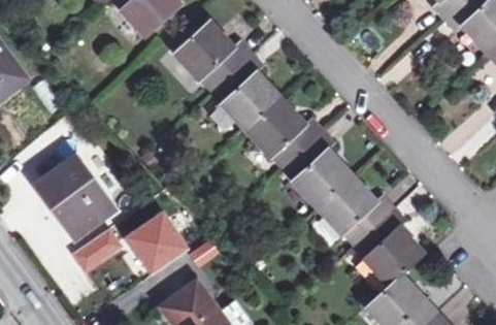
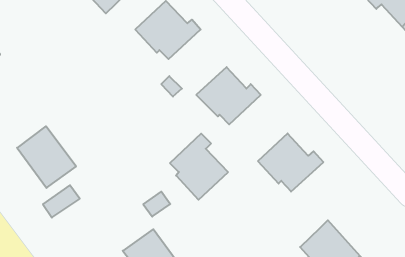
building: [216,53,283,128] -> none
building: [286,128,353,204] -> [170,134,228,200]
building: [357,205,424,282] -> none
building: [130,217,186,273] -> none

